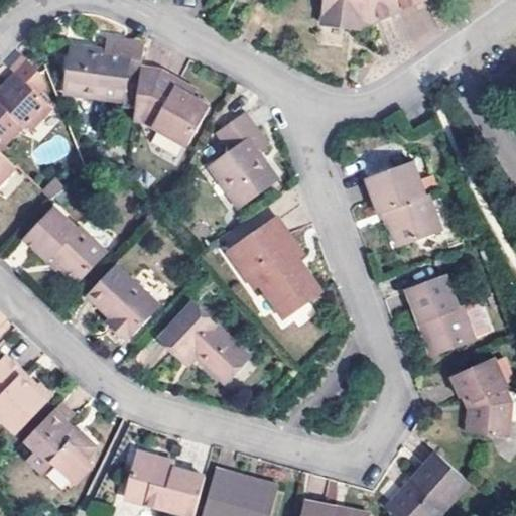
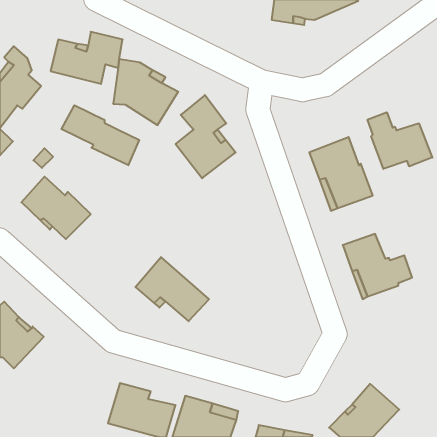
building: none -> [62,105,139,165]
building: none -> [368,112,432,169]
building: [227,218,321,320] -> none
building: [84,265,156,339] -> none
building: [447,355,509,434] -> none
building: [25,404,95,483] -> none

